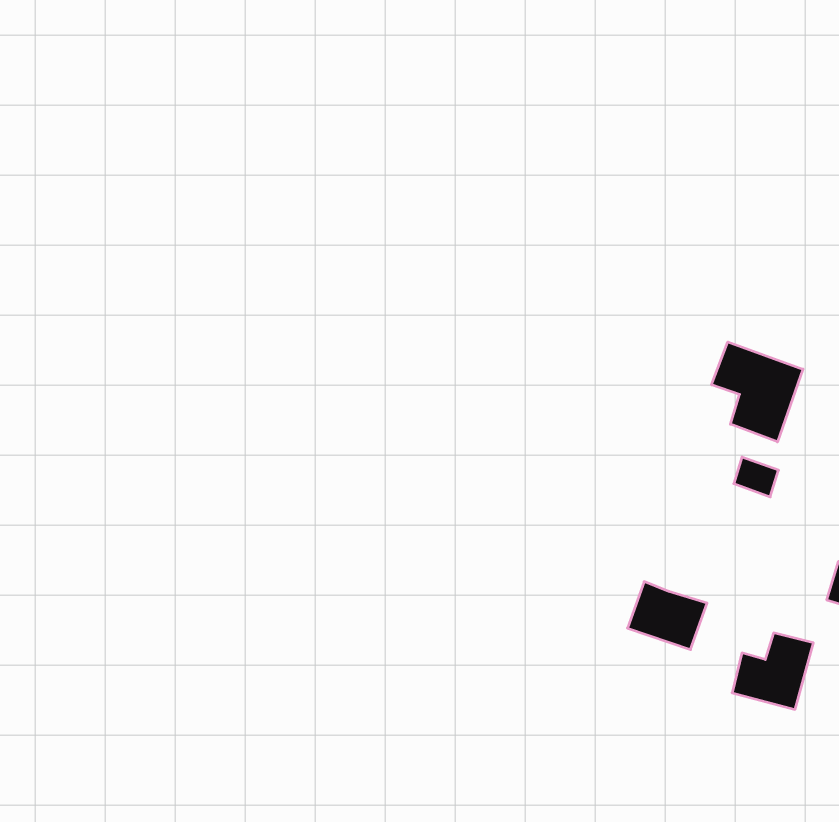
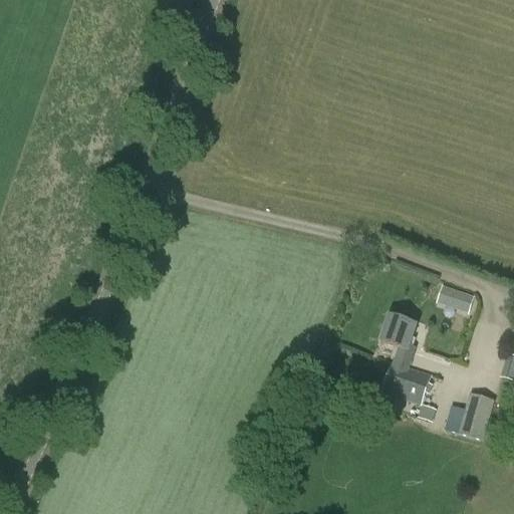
building: [712,342,803,442] -> none
building: none -> [382,315,416,367]

